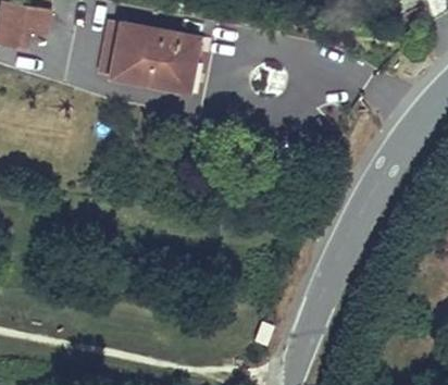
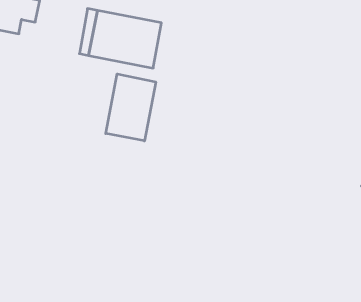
building: none -> [106,74,156,141]

